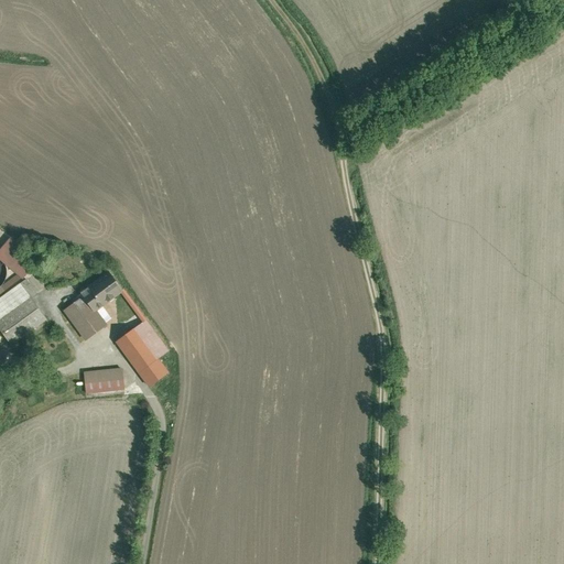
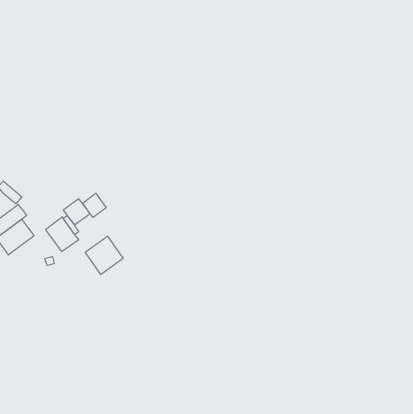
building: none -> [83,193,106,217]
building: [137,357,167,387] -> none
building: [83,368,122,393] -> none

